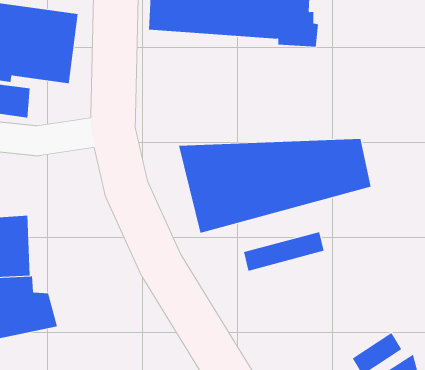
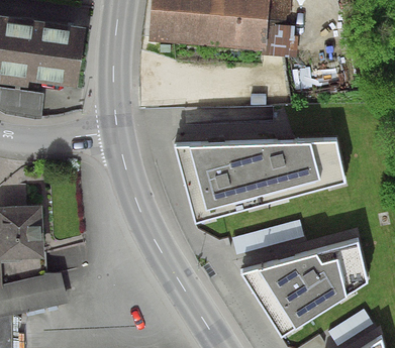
building: none -> [239,237,368,335]

